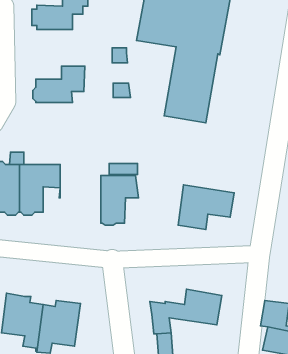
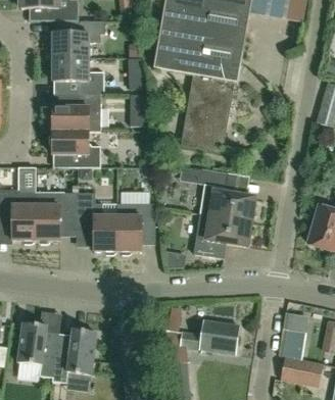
building: none -> [52,56,103,93]
building: none -> [48,130,99,166]
building: none -> [198,168,253,220]
building: none -> [76,192,116,253]

